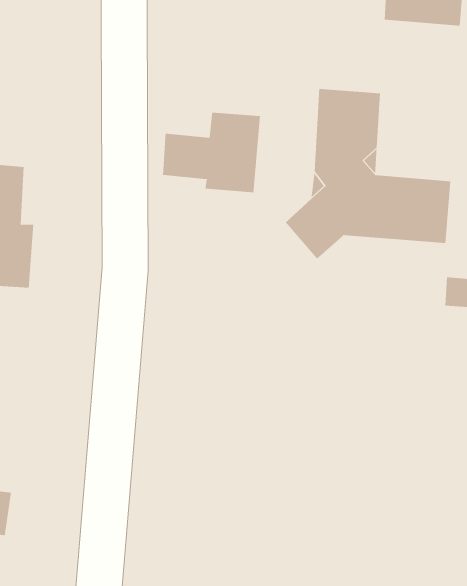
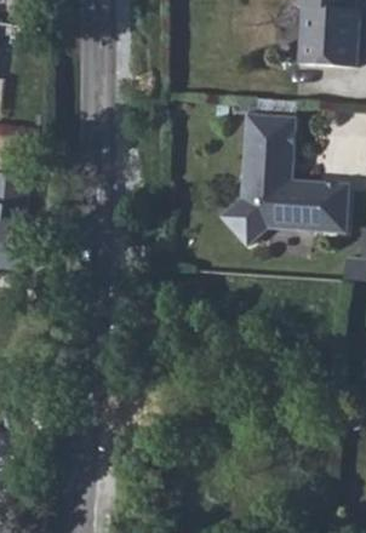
building: [162,112,261,193] -> none

